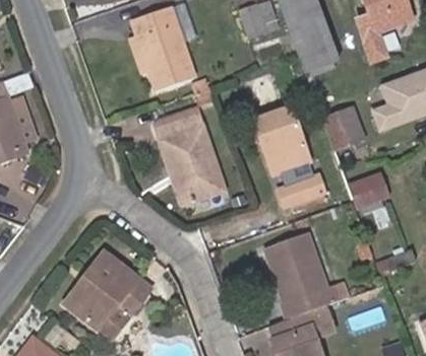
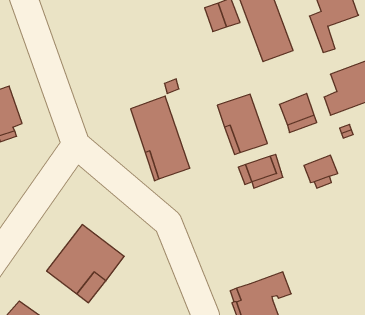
building: [132,7,194,90] -> none
building: [264,232,346,318] -> none

